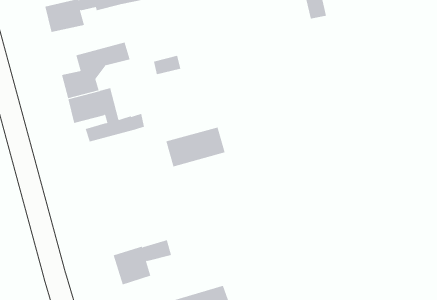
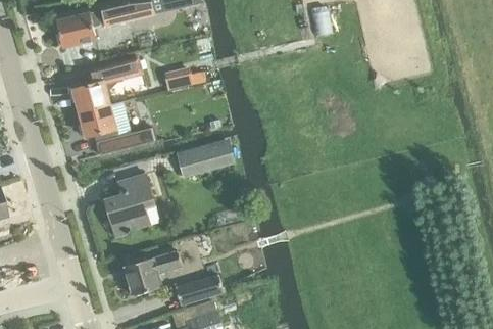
building: none -> [103,173,158,236]
building: none -> [175,274,223,306]

